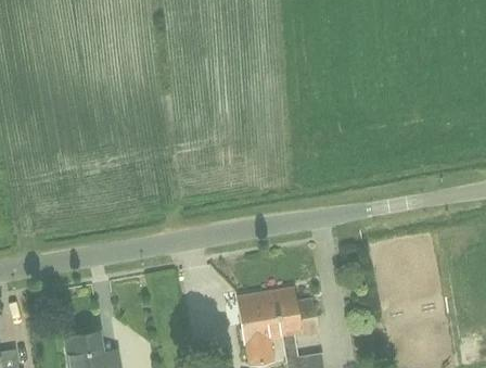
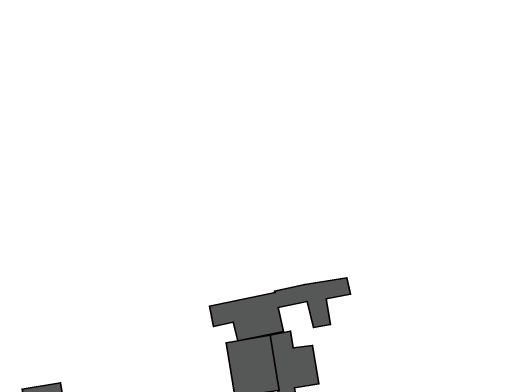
building: none -> [210,278,351,341]

